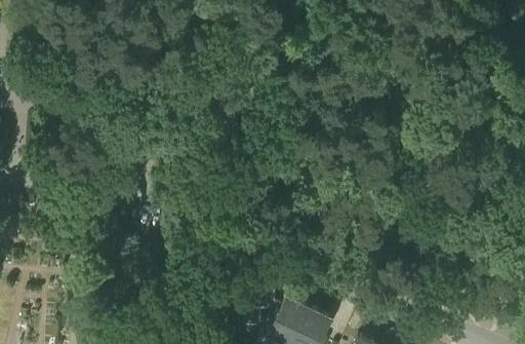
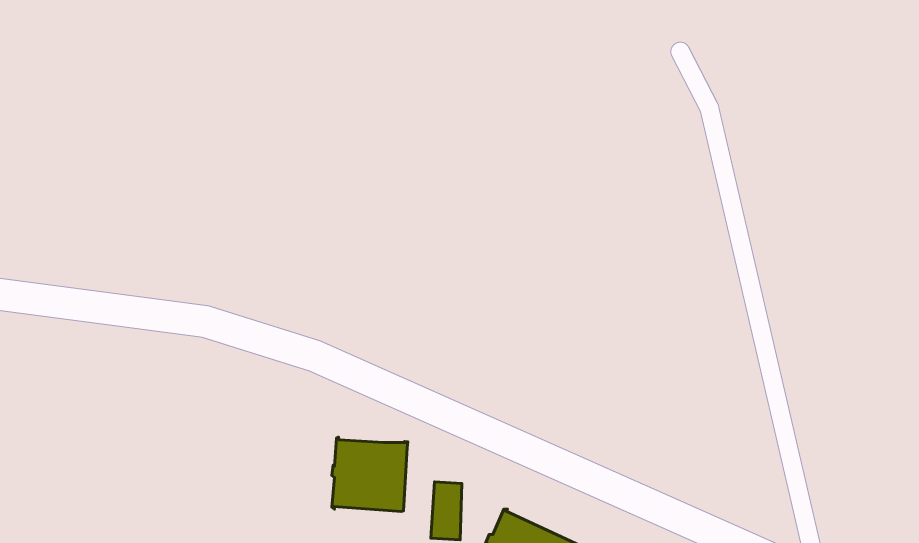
building: none -> [332,437,408,512]

